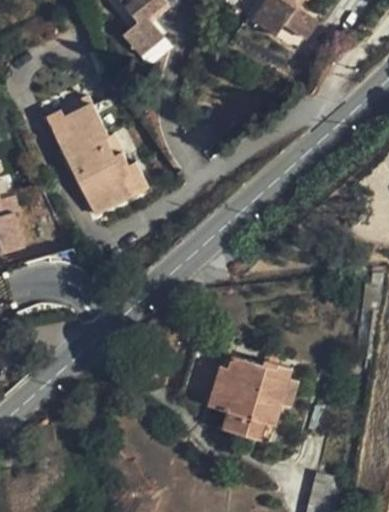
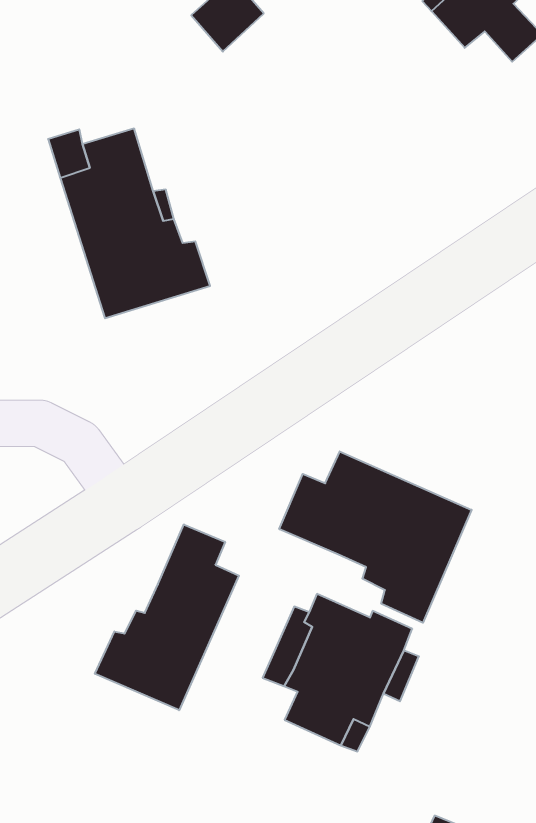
building: none -> [279,451,472,623]
building: none -> [95,524,239,710]

